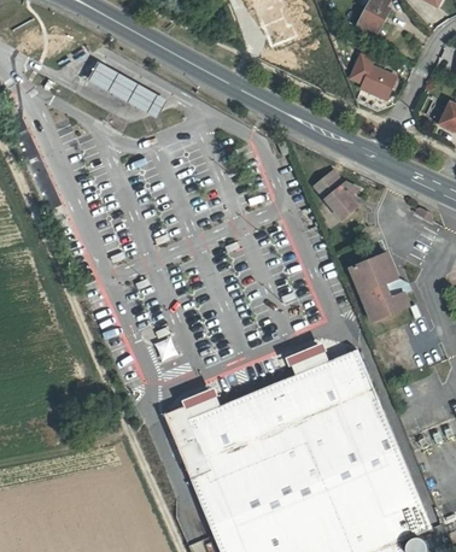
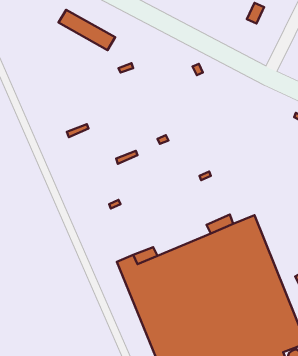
building: [359,64,394,95] -> none
building: [312,169,355,217] -> none
building: [349,251,407,317] -> none

